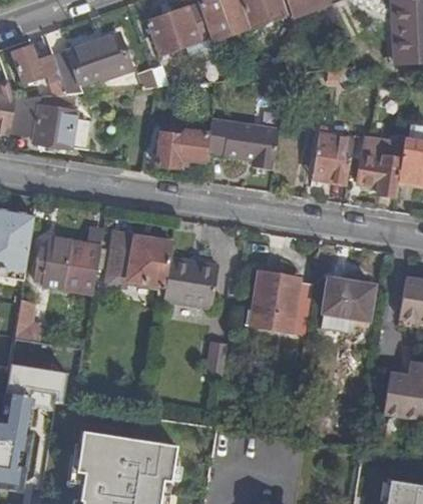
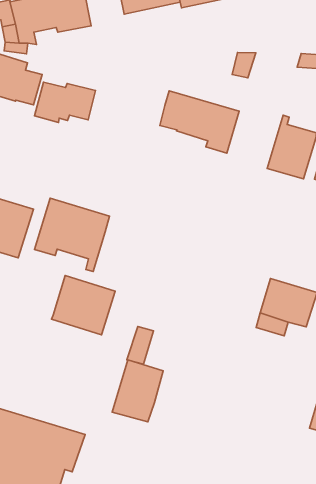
building: [155,129,208,166] -> [35,82,96,122]
building: [162,257,218,307] -> [52,276,115,335]
building: [251,271,313,330] -> none
building: none -> [112,360,163,422]

